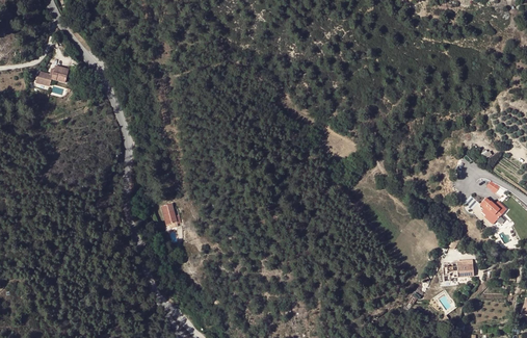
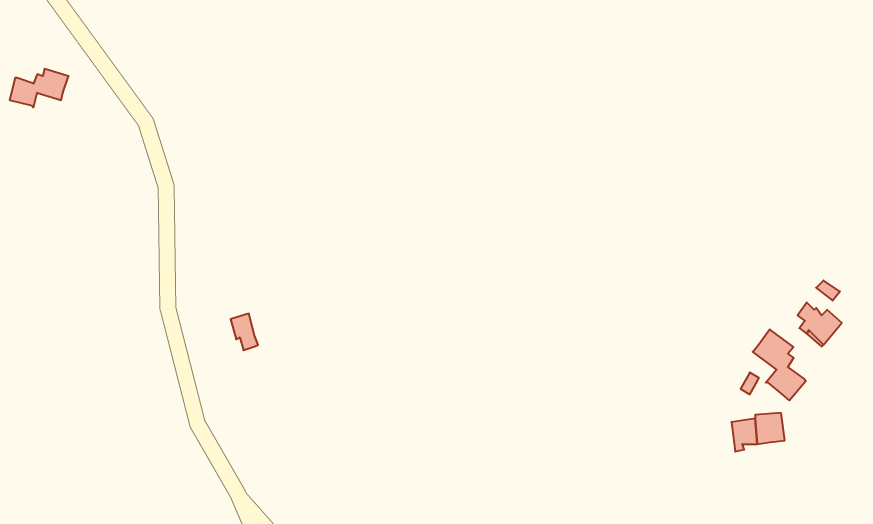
building: none -> [753,329,806,400]

